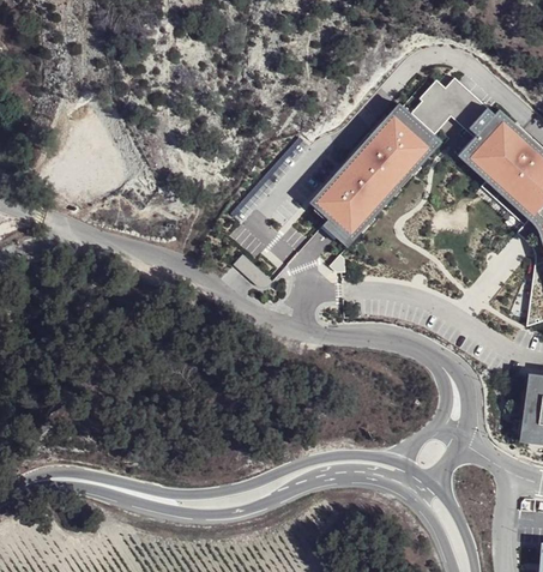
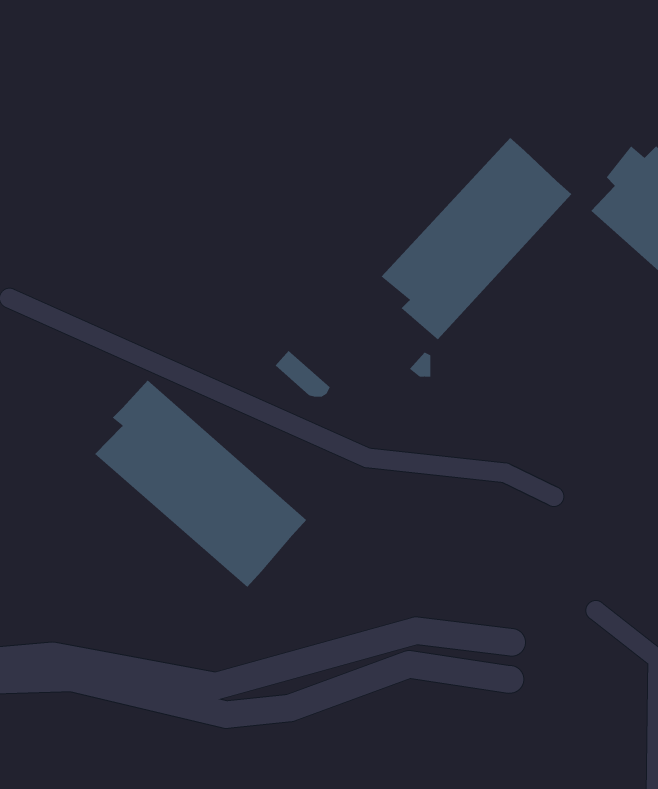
building: [410,78,485,133] -> none
building: none -> [94,380,307,588]

